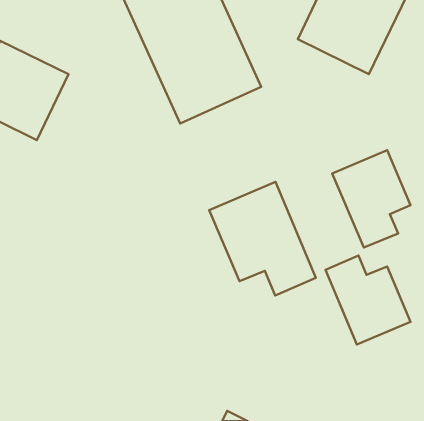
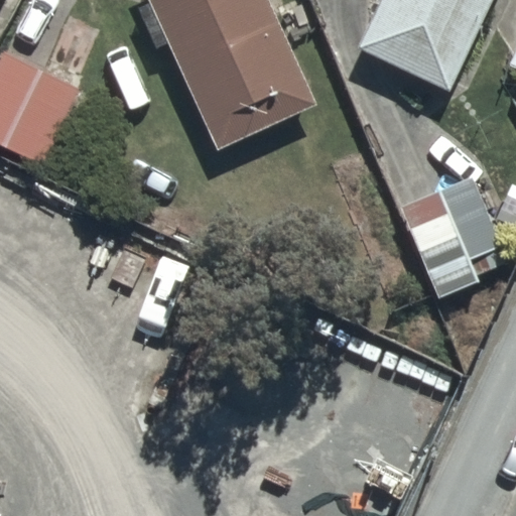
building: [209,182,316,296] -> none
building: [325,255,411,345] -> none

